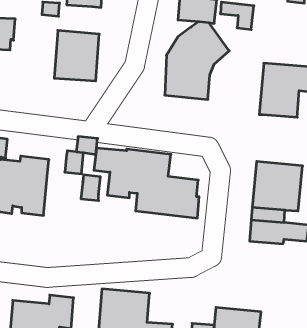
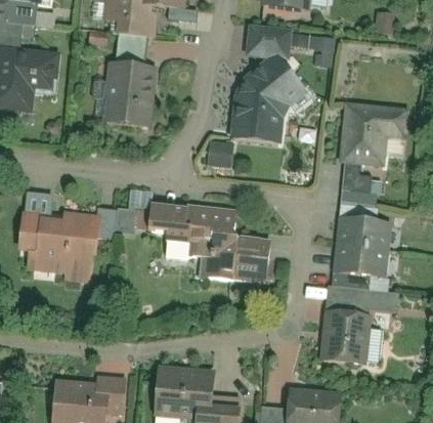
building: none -> [116,37,147,67]
building: none -> [207,142,233,167]
building: none -> [342,164,376,206]
building: [81,175,100,201] -> [95,208,118,238]
building: none -> [320,310,369,363]

